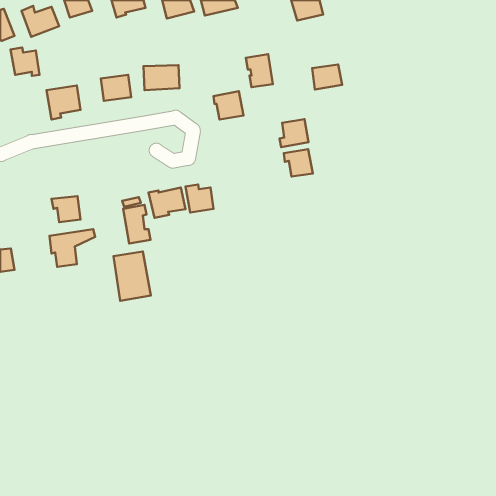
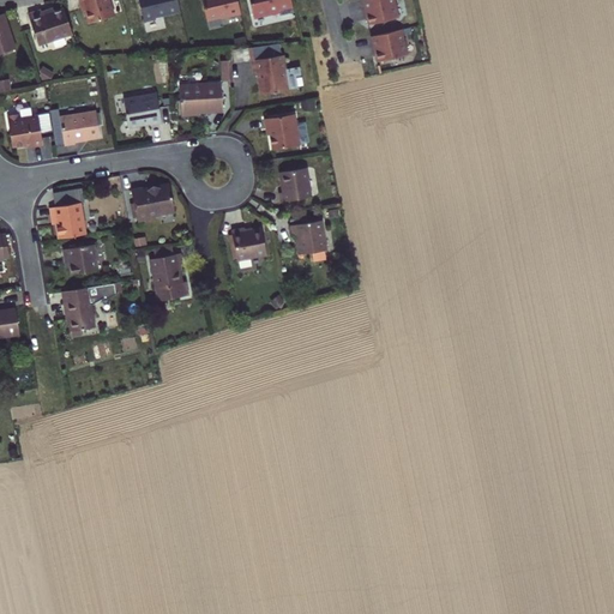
building: [10,48,40,76] -> [5,113,41,148]
building: [246,54,273,87] -> [255,54,289,95]
building: [312,64,342,90] -> [371,30,408,61]
building: [279,119,308,147] -> [276,165,312,200]
building: [284,149,313,176] -> [290,218,326,252]
building: none -> [49,201,85,239]
building: [149,188,186,218] -> [127,182,173,219]
building: [114,251,151,301] -> none

